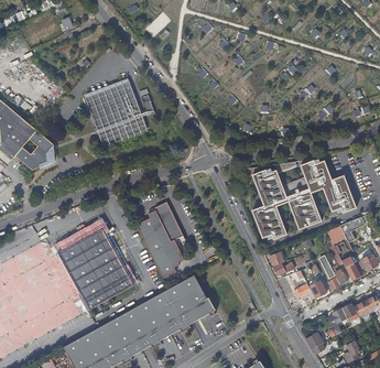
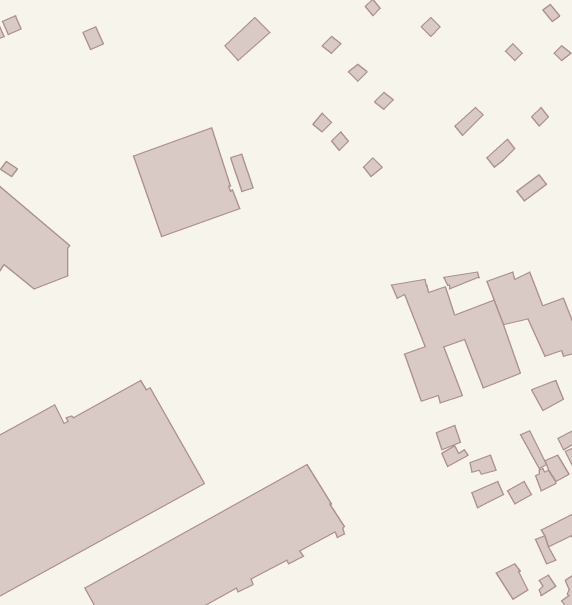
building: [137,201,186,278] -> none

